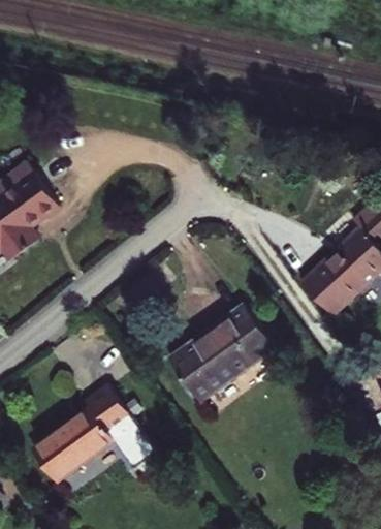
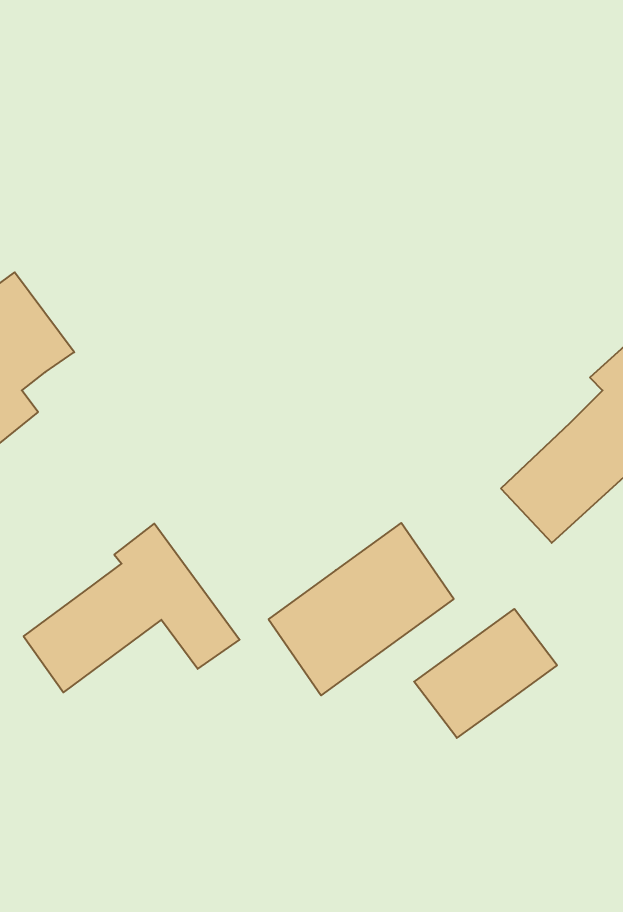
building: none -> [414,609,557,738]
building: [33,386,156,483] -> [24,524,240,692]

